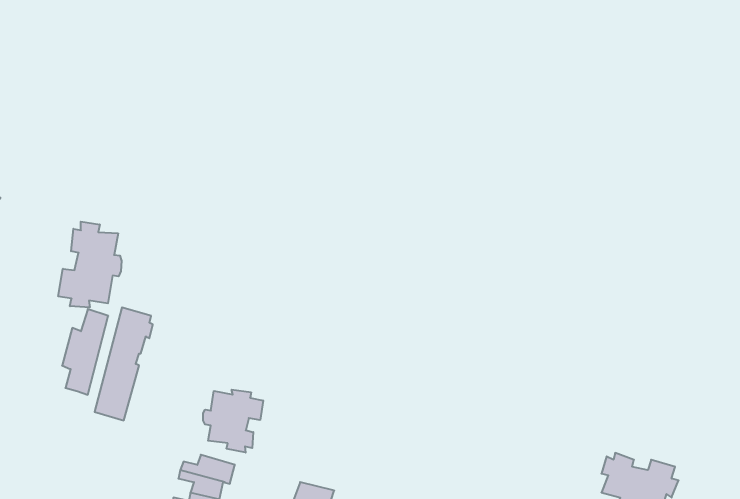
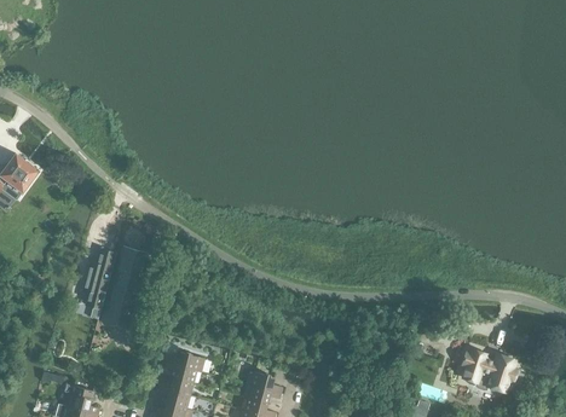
building: [58,222,122,307] -> none
building: [203,390,263,453] -> none

